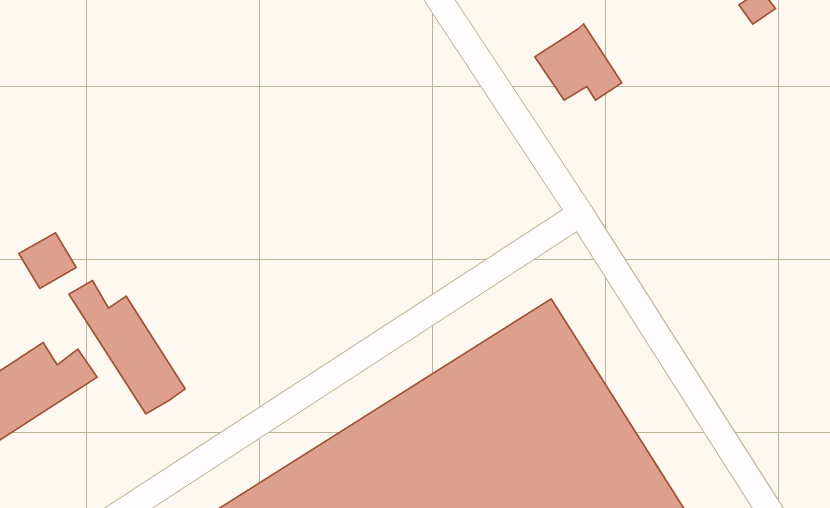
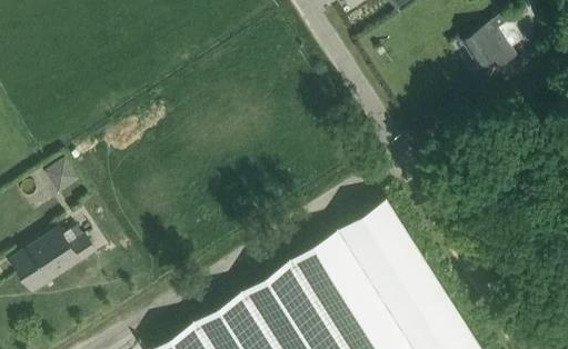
building: [535,24,622,100] -> [461,19,517,68]
building: [69,281,185,414] -> none

